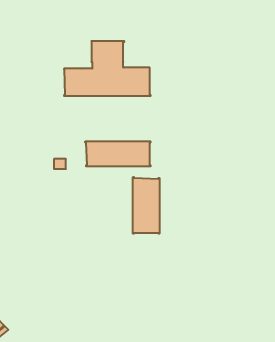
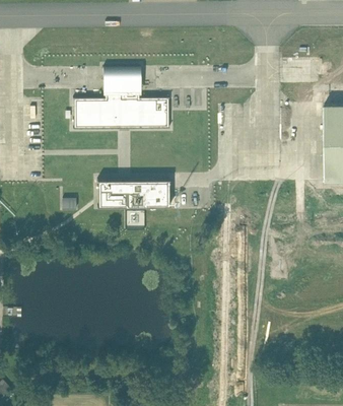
building: [133,177,159,234] -> none

